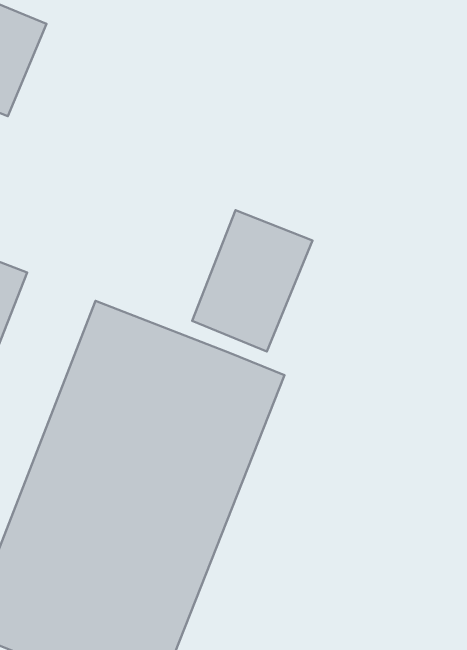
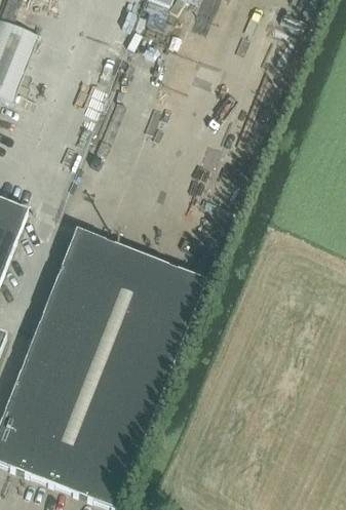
building: [192,210,313,351] -> none

